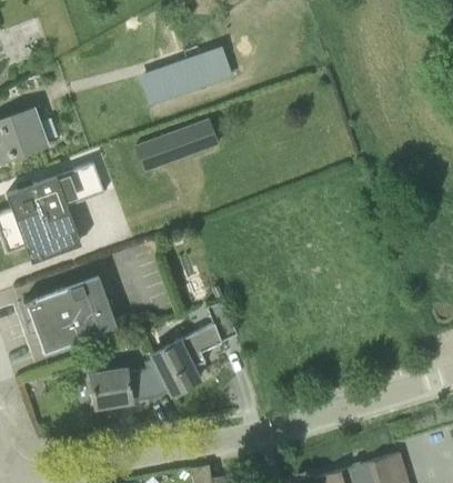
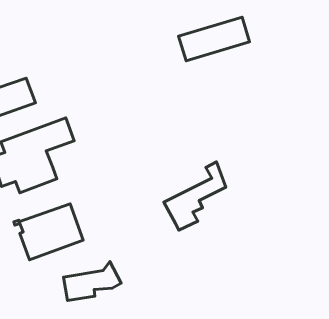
building: [142,43,238,102] -> [179,17,250,61]
building: [135,119,219,170] -> none
building: [152,301,235,393] -> [164,162,226,230]

